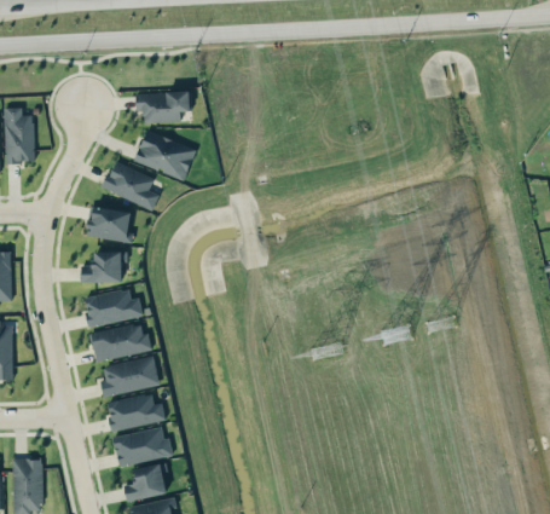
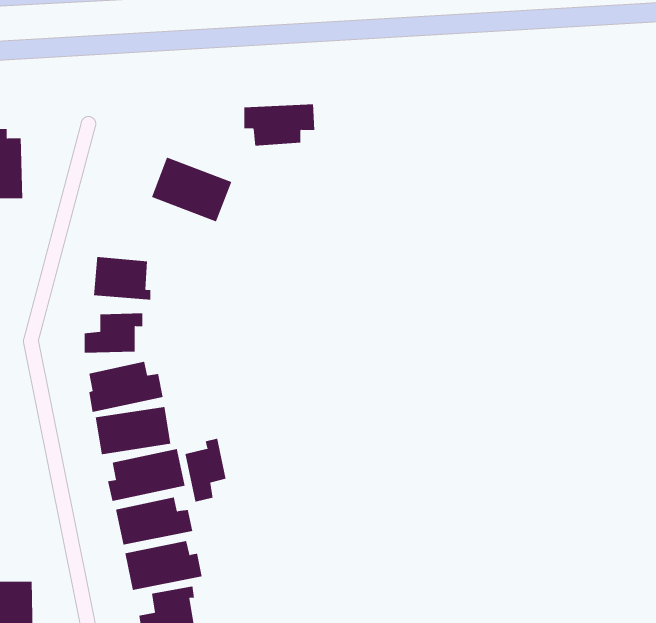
building: [135,91,191,123] -> [243,104,315,146]
building: [102,161,160,208] -> none
building: none -> [185,438,226,503]

